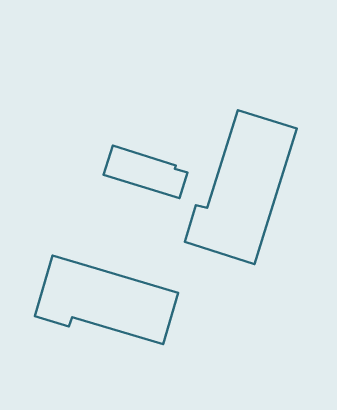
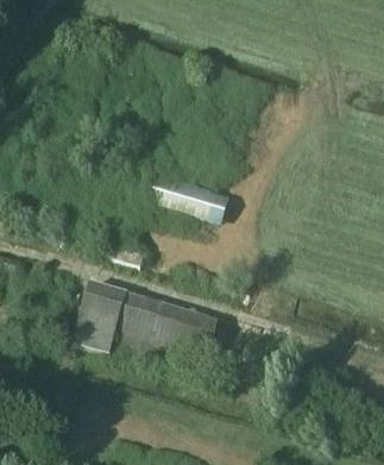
building: [185,110,297,264] -> none

